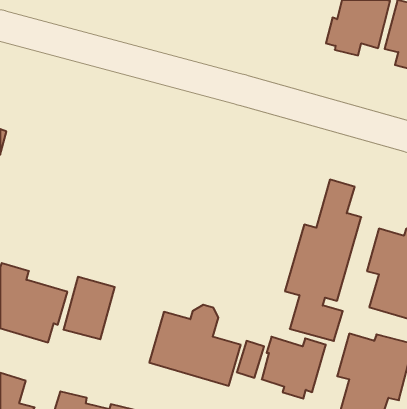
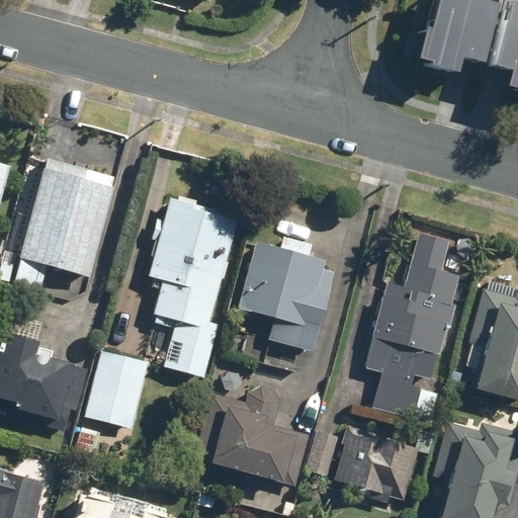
building: none -> [13,160,117,290]
building: none -> [149,199,240,378]
building: none -> [232,237,335,351]

